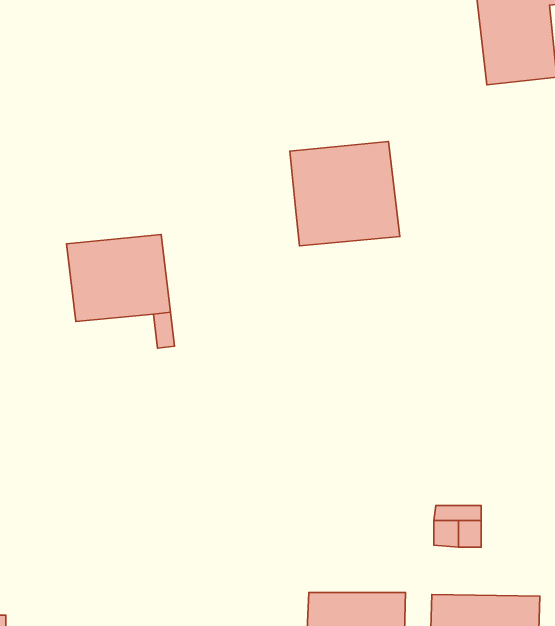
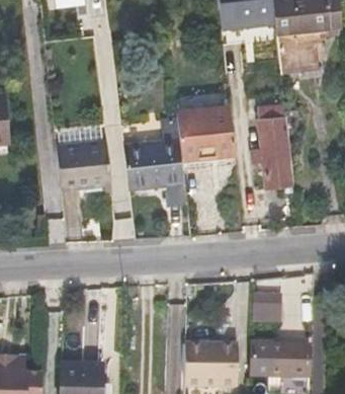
building: none -> [251,103,292,187]
building: none -> [124,138,186,205]

